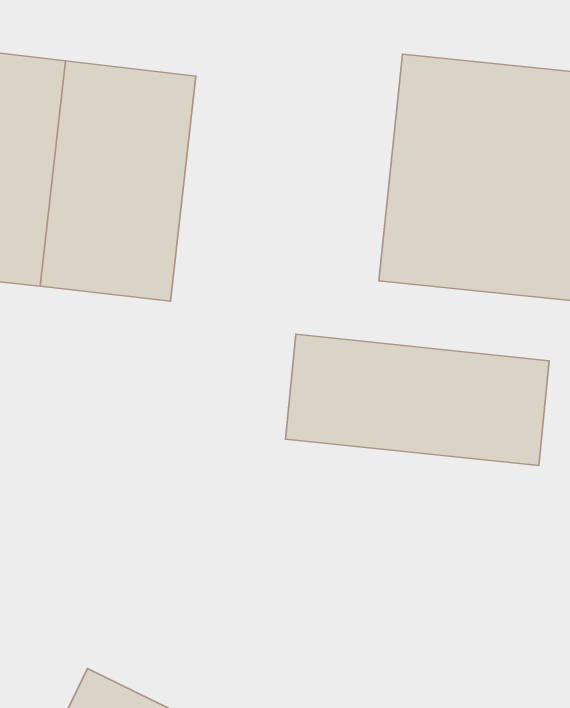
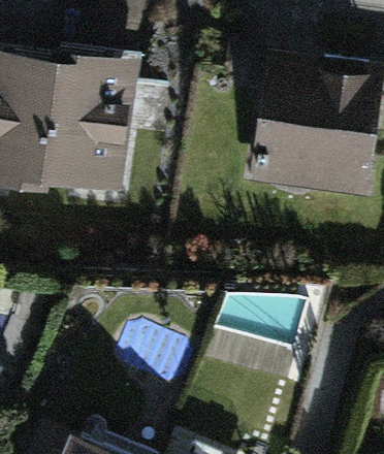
building: [286,334,549,466] -> none

